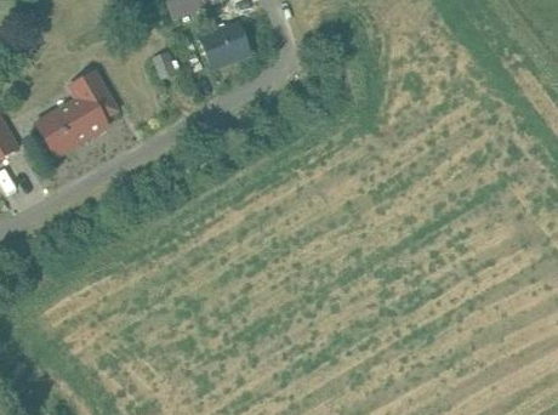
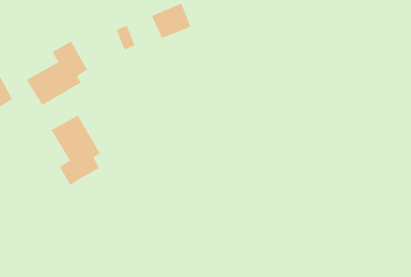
building: none -> [51,115,101,185]

